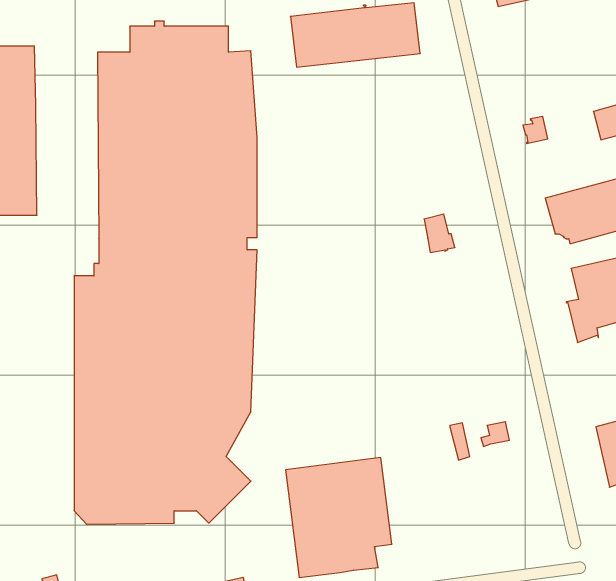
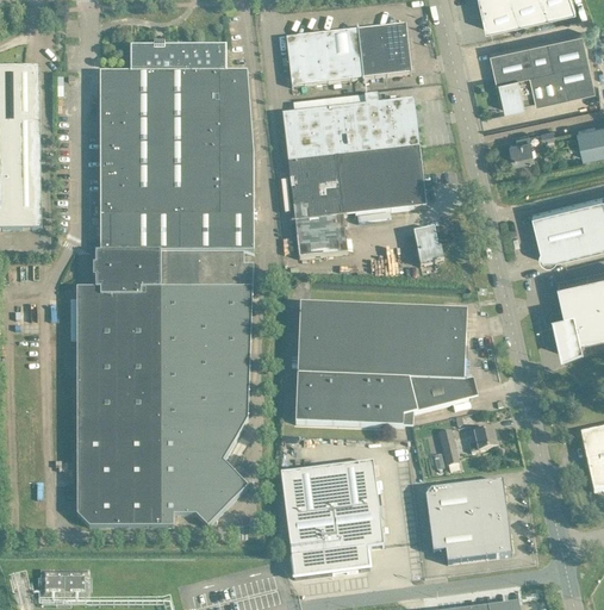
building: none -> [488,29,593,106]
building: none -> [281,92,425,256]
building: none -> [294,301,468,425]
building: none -> [425,479,511,561]

